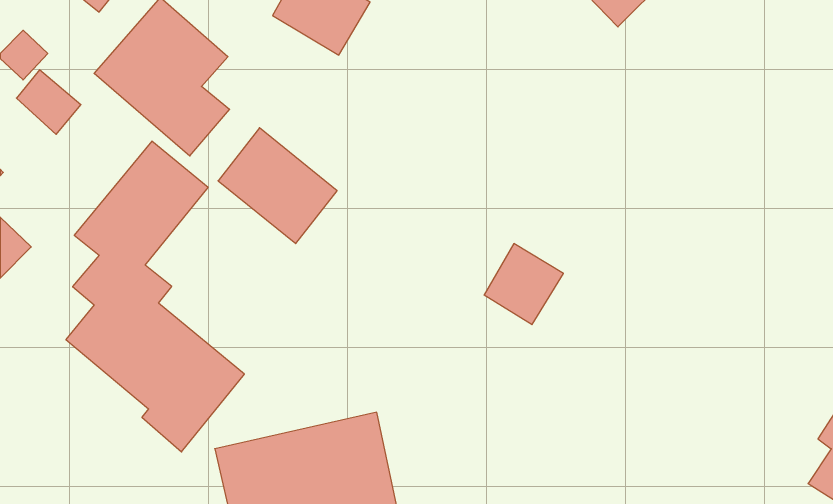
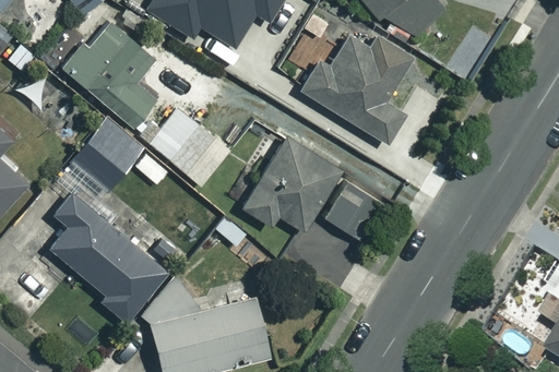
building: none -> [300,28,413,145]
building: none -> [245,132,344,233]

